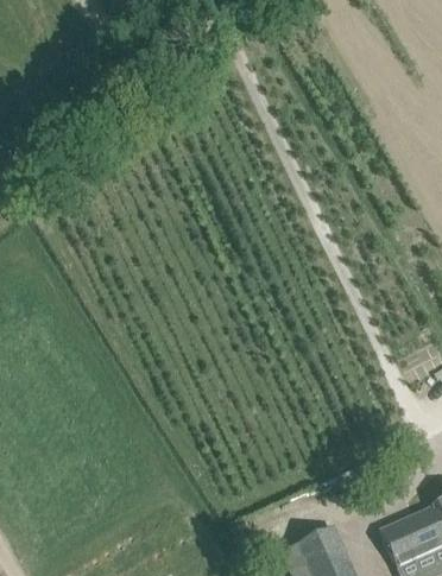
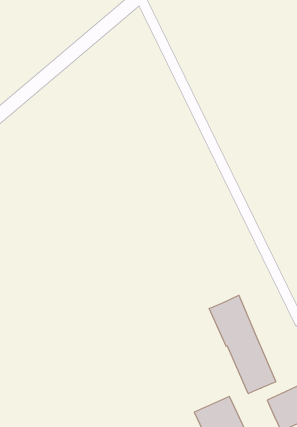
building: none -> [209,295,276,394]

